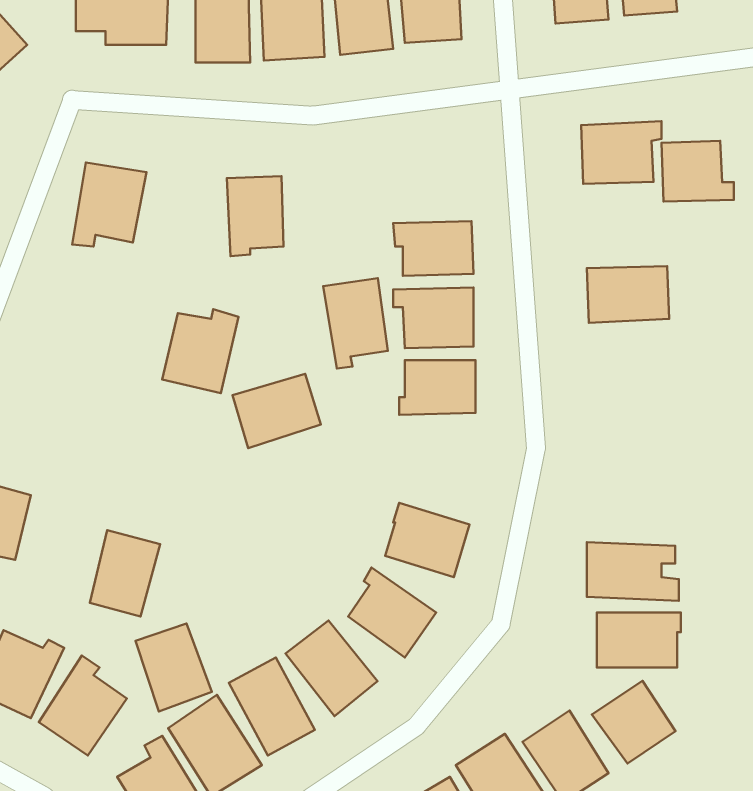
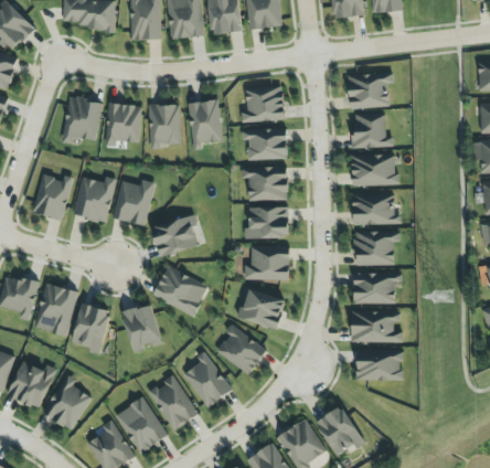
building: [661,141,734,202] -> [352,114,393,148]
building: none -> [242,87,284,121]
building: none -> [105,104,141,148]
building: [323,278,388,368] -> [187,99,223,150]
building: none -> [33,176,72,220]
building: none -> [73,177,116,223]
building: none -> [352,193,397,225]
building: none -> [354,231,401,266]
building: none -> [246,246,289,280]
building: none -> [152,265,209,316]
building: none -> [353,273,402,304]
building: none -> [33,283,77,336]
building: [135,623,212,711] -> [120,304,163,353]
building: [592,681,675,763] -> none

